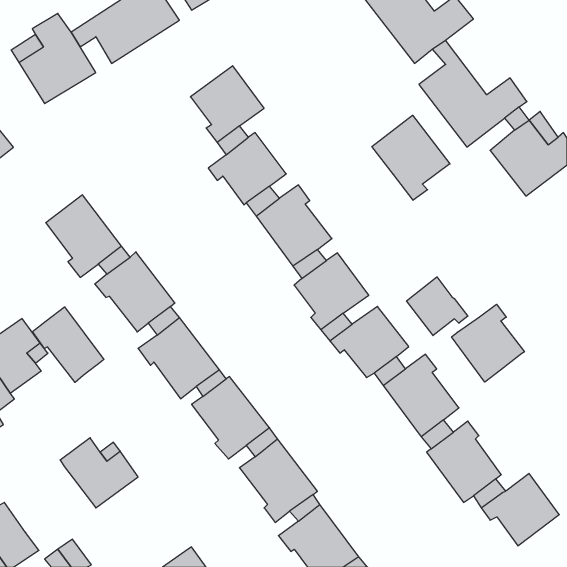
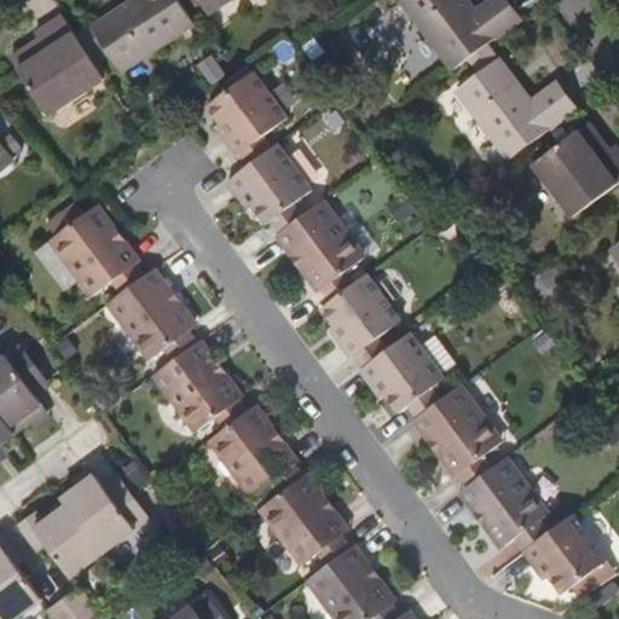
building: [372,115,450,200] -> none
building: [407,277,468,336] -> none
building: [452,304,524,382] -> none
building: [33,307,104,382] -> none
building: none -> [23,507,104,575]

